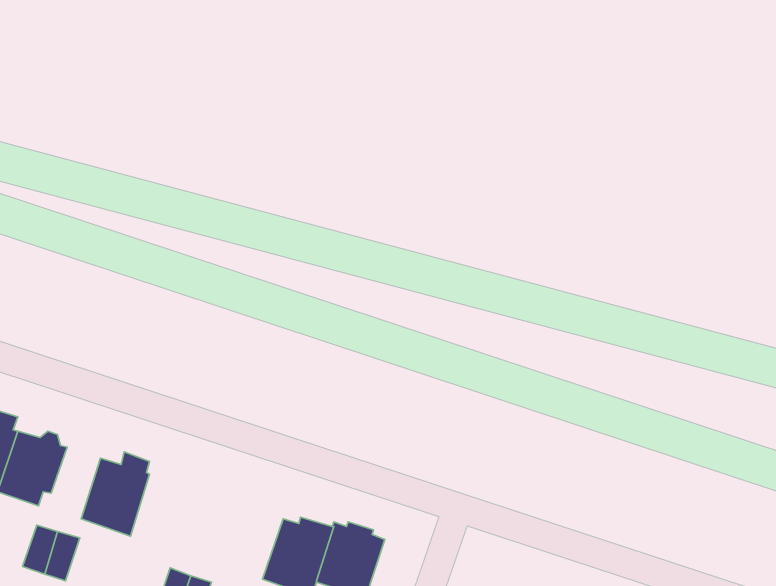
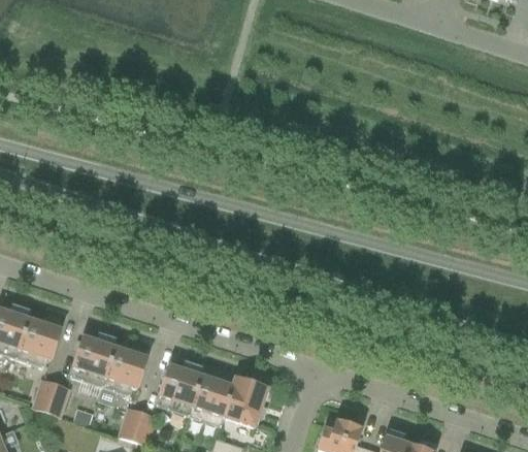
building: none -> [102,347,147,395]
building: none -> [156,361,201,415]

